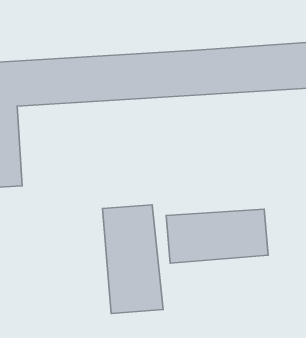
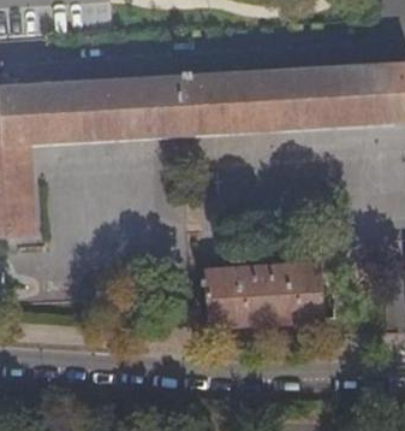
building: [102,205,163,314] -> none

